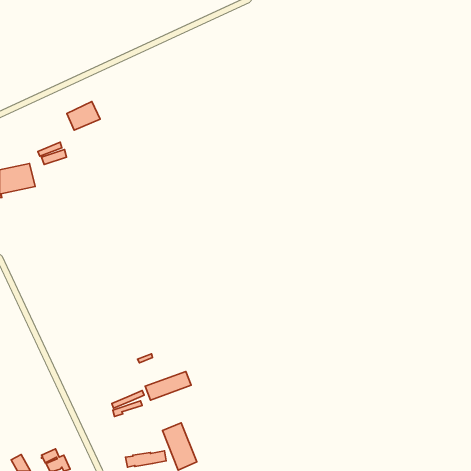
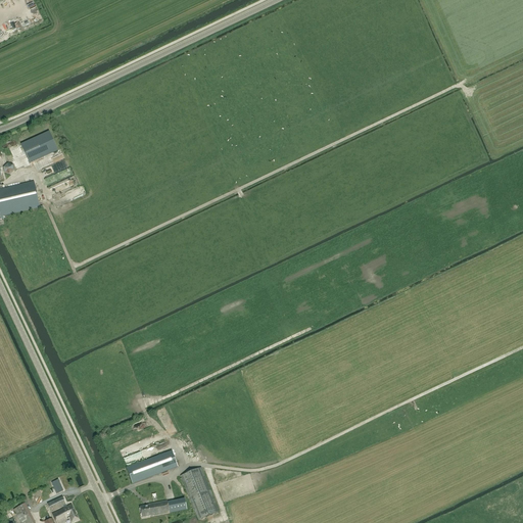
building: [67,101,100,130] -> [22,133,59,164]
building: [145,371,191,400] -> [126,450,177,482]

